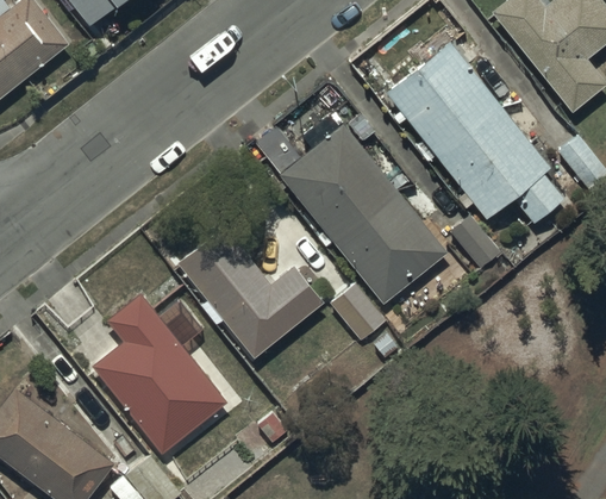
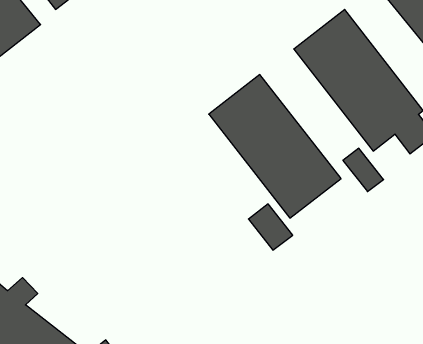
building: [179,223,323,356] -> none
building: [94,294,226,453] -> none

